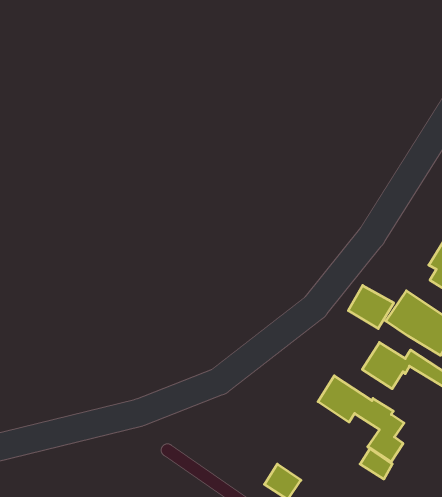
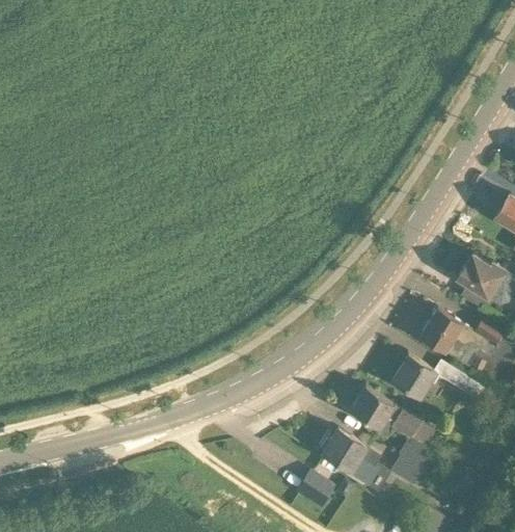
building: [348,285,394,329] -> none
building: none -> [317,425,380,487]

